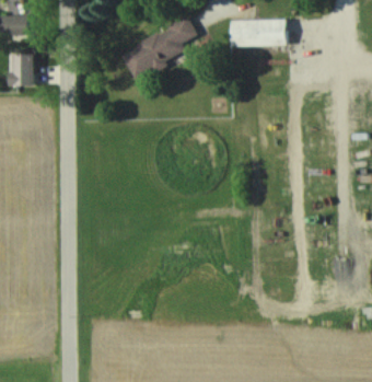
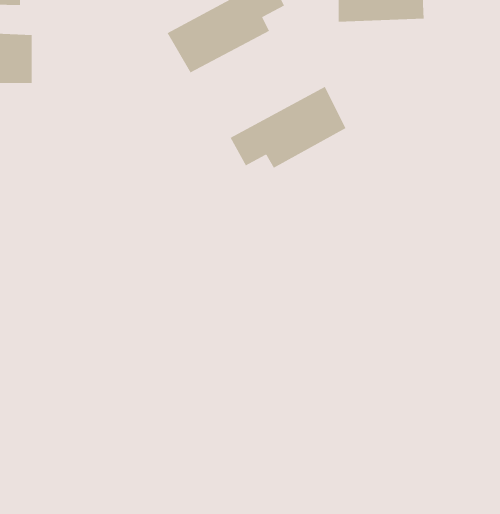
building: none -> [230,86,347,169]

